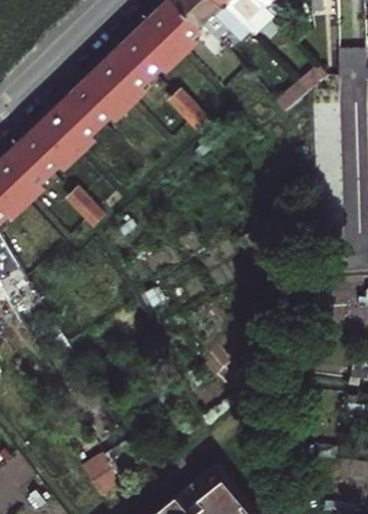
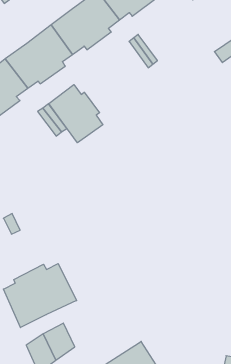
building: none -> [49,85,103,143]
building: none -> [3,264,77,328]

